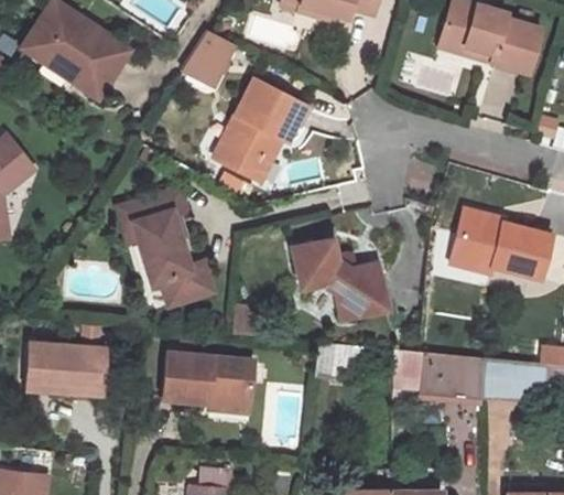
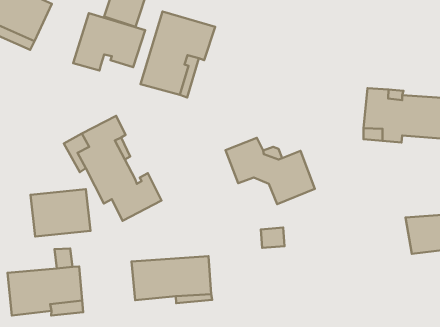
building: none -> [73,13,145,70]
building: none -> [31,189,91,236]
building: [397,351,482,399] -> none

